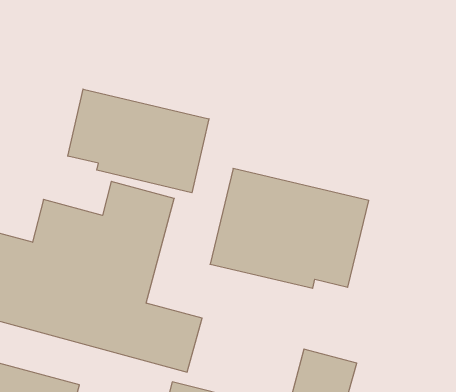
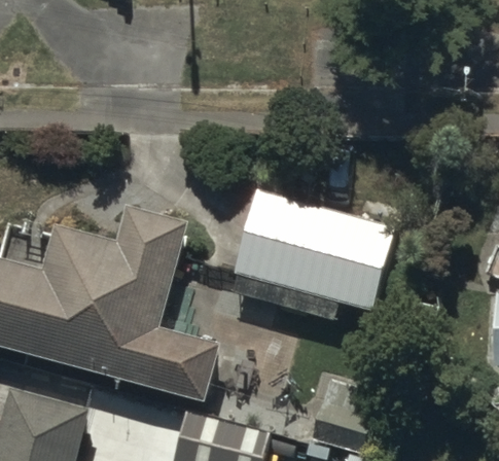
building: [68,89,209,193] -> none

